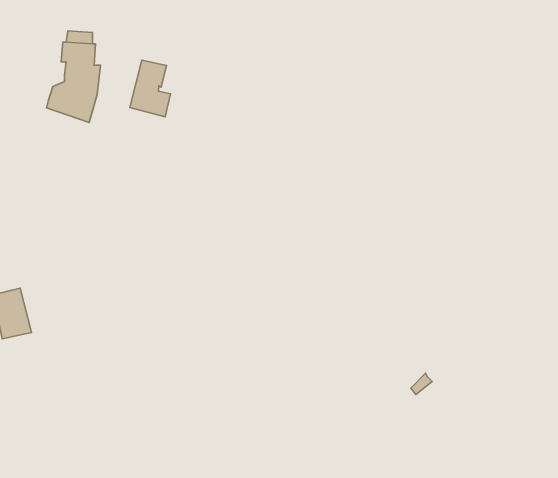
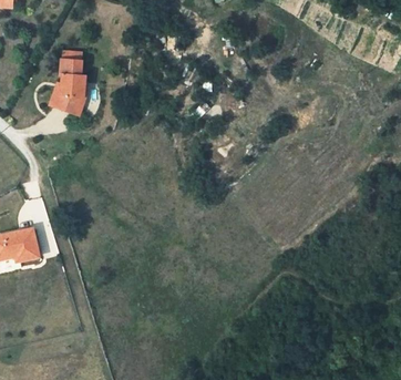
building: [130,60,170,117] -> none

